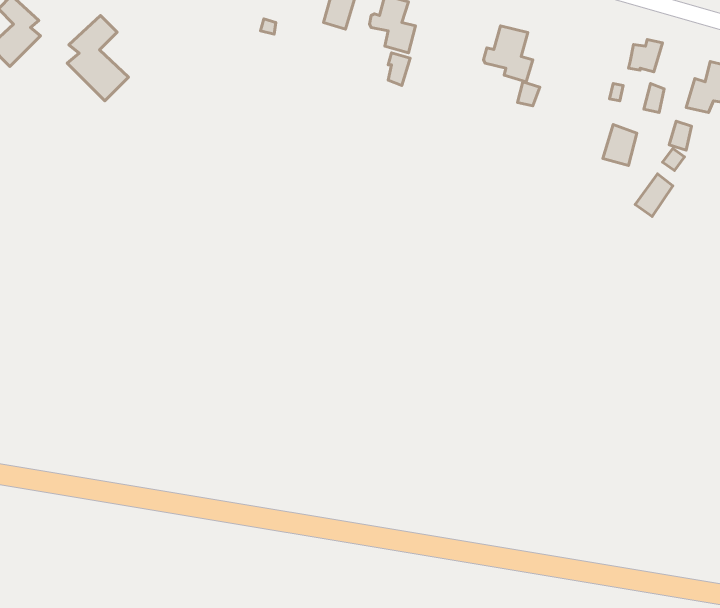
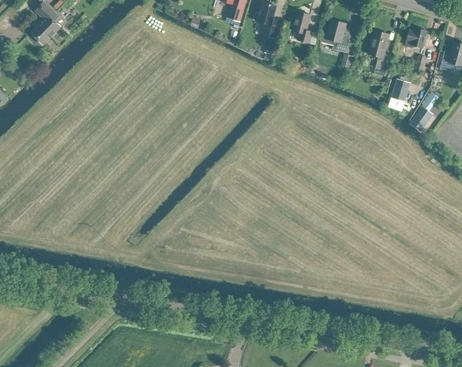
building: none -> [292,11,312,43]
building: [67,15,129,101] -> none
building: none -> [368,31,390,70]

